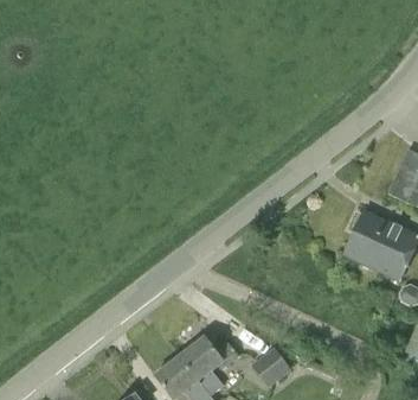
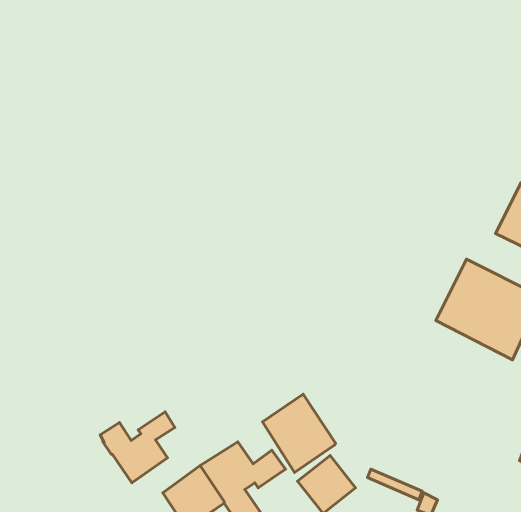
building: none -> [263,394,336,473]
building: none -> [100,412,175,483]

